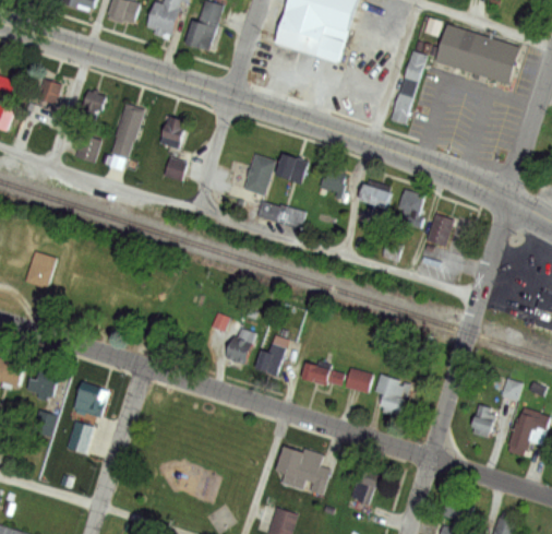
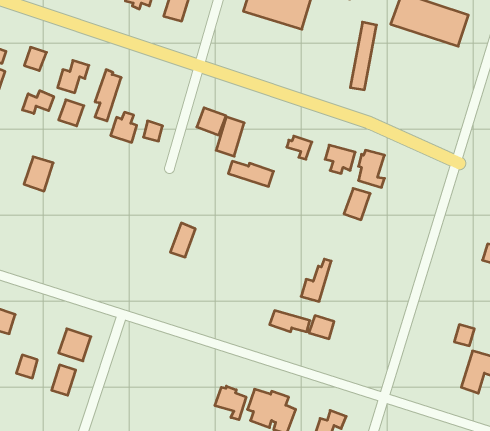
building: [158,118,187,151] -> [111,112,137,142]
building: none -> [22,91,54,114]
building: [276,154,308,183] -> [197,108,226,135]
building: [425,213,454,247] -> [344,188,370,220]
building: [26,251,58,288] -> [24,157,53,191]
building: [228,327,255,364] -> [170,223,195,257]
building: [255,328,288,373] -> [301,259,331,301]
building: [374,373,411,417] -> none
building: [29,377,60,402] -> none
building: [469,404,497,438] -> none
building: none -> [215,386,246,420]

